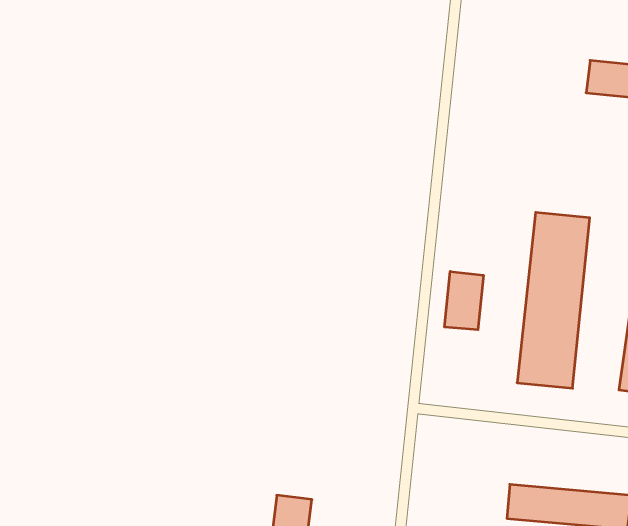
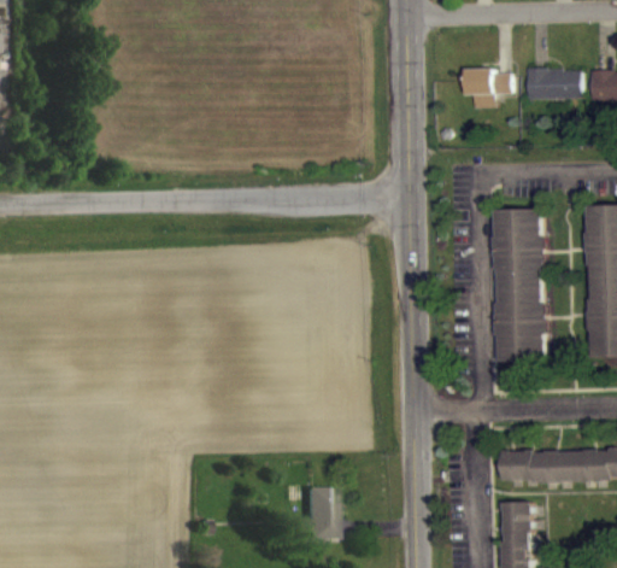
building: none -> [464,69,509,107]
building: [445,271,483,330] -> none

